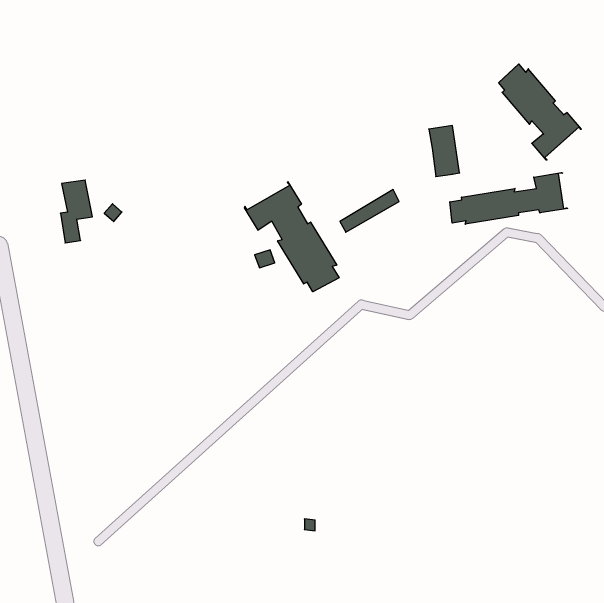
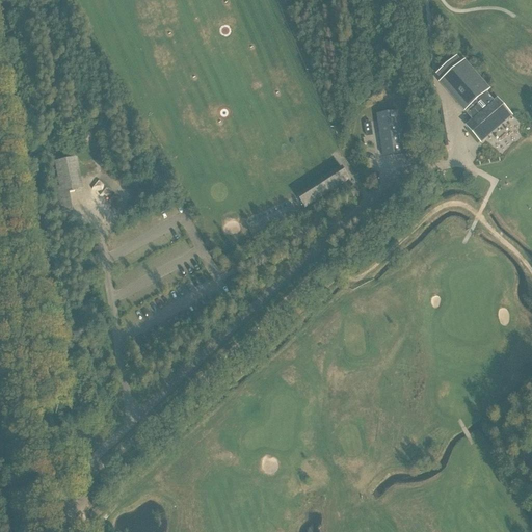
building: [450,173,568,224] -> none
building: [245,182,339,292] -> none

